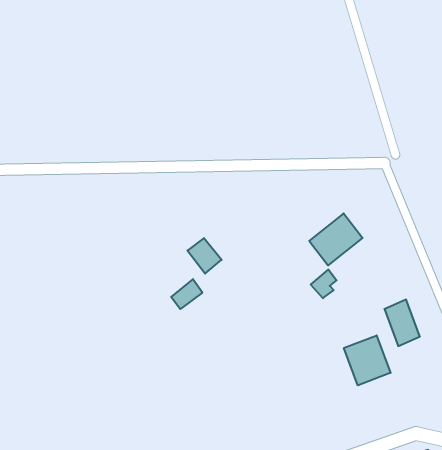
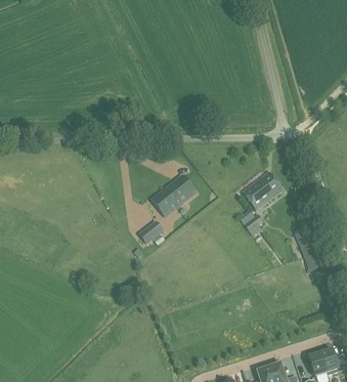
building: none -> [164,174,196,205]
building: [344,335,391,385] -> none

